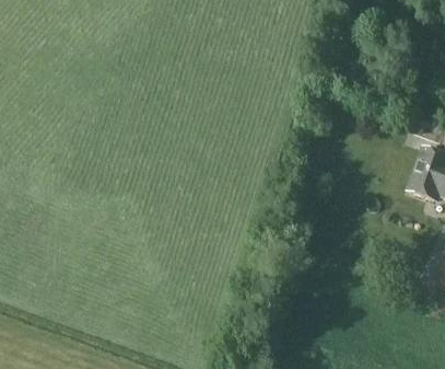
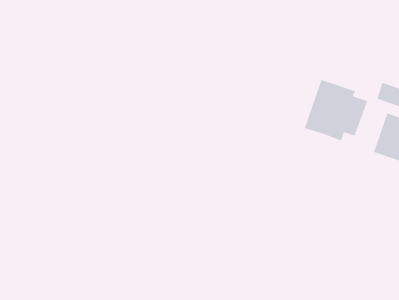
building: none -> [304,79,368,141]

